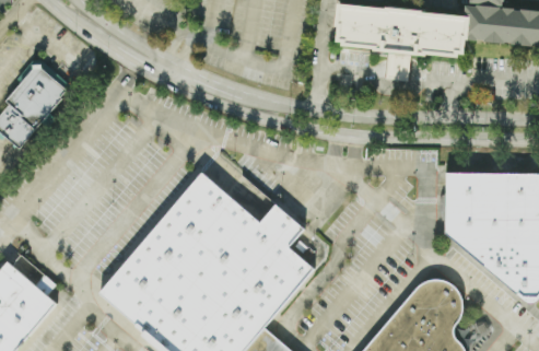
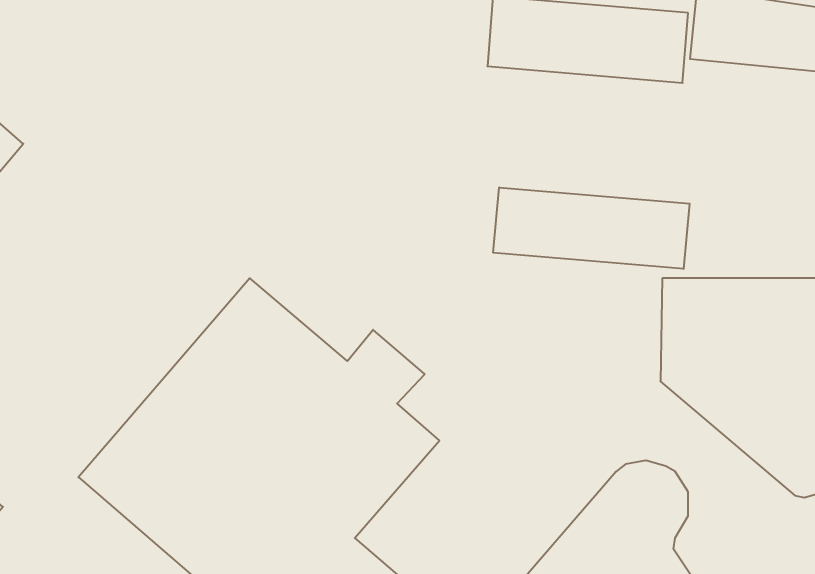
building: none -> [493,187,690,269]

